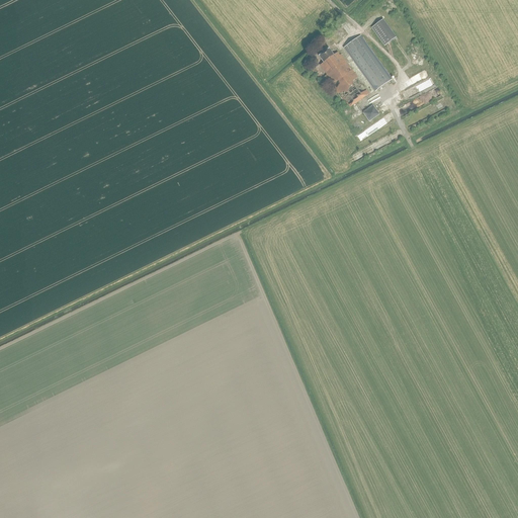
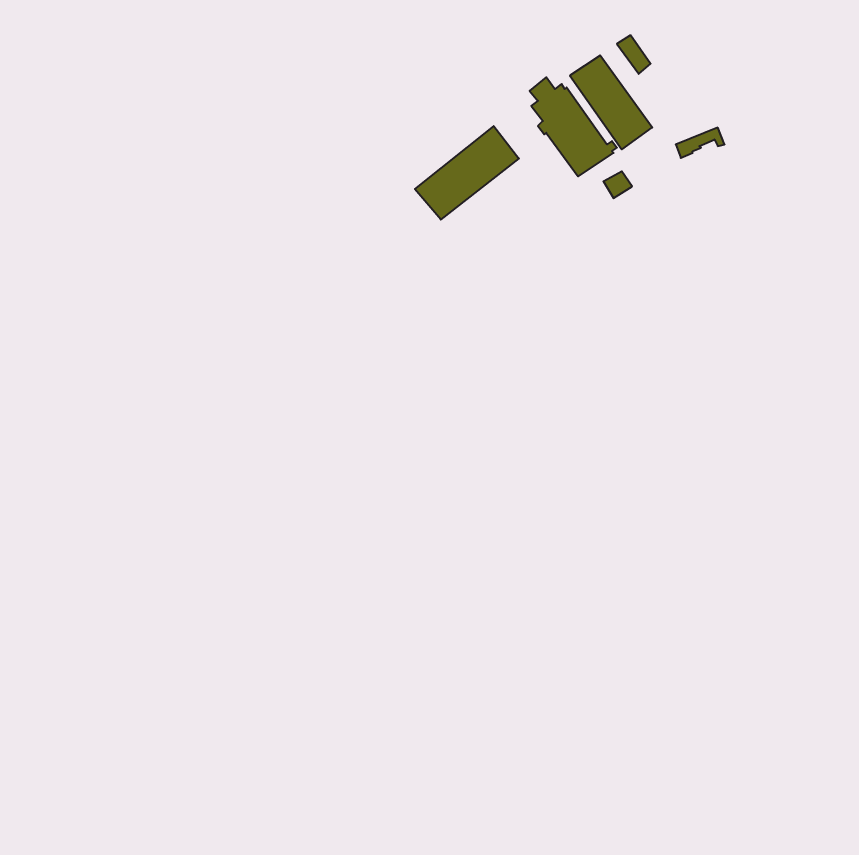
building: none -> [415,126,519,220]

